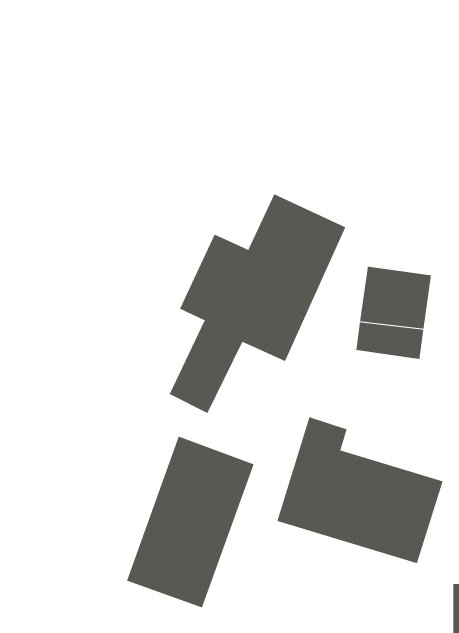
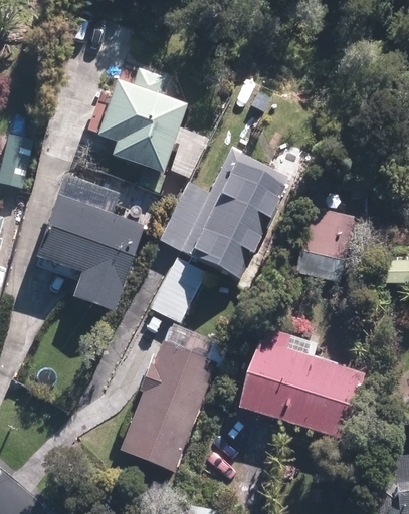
building: none -> [99,66,211,189]
building: none -> [34,194,147,310]

